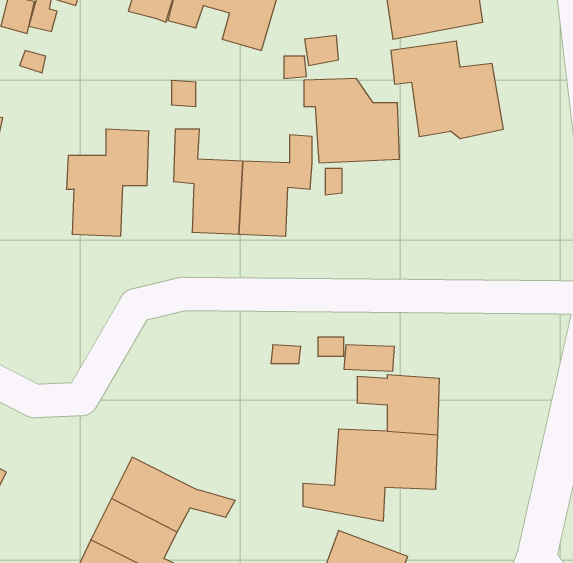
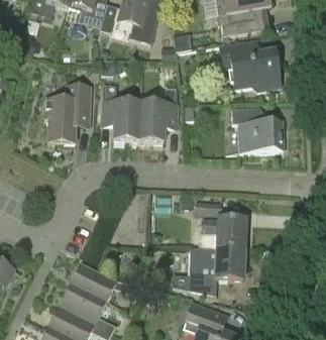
building: [304,78,400,163] -> [232,107,284,152]

